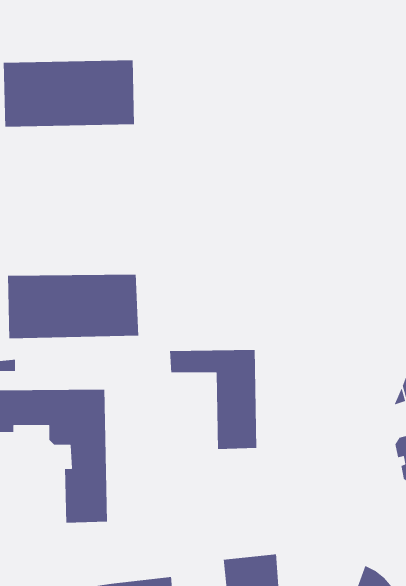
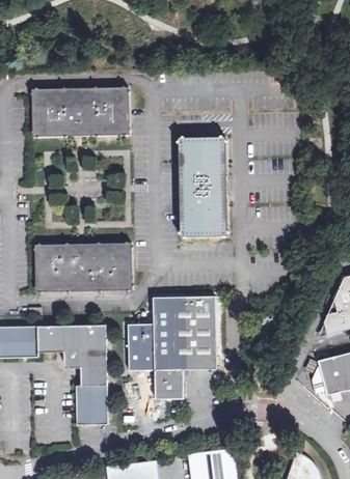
building: none -> [177,136,226,236]
building: none -> [135,314,188,399]

